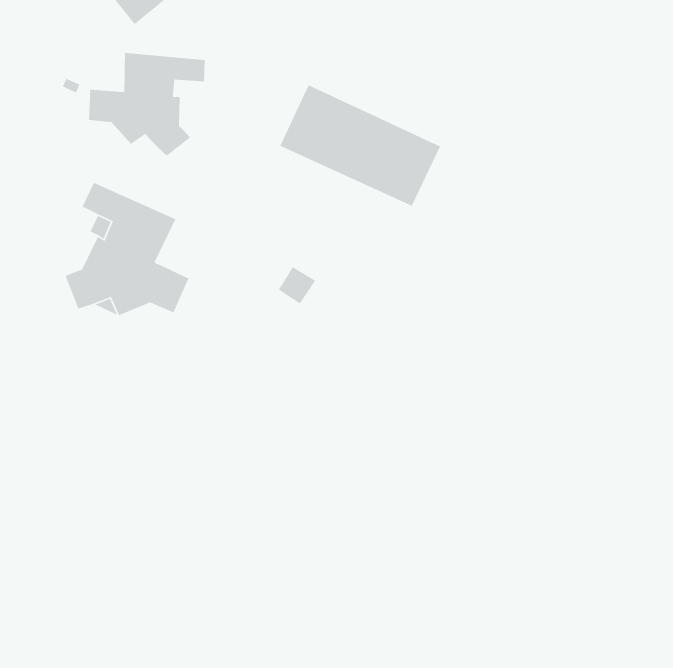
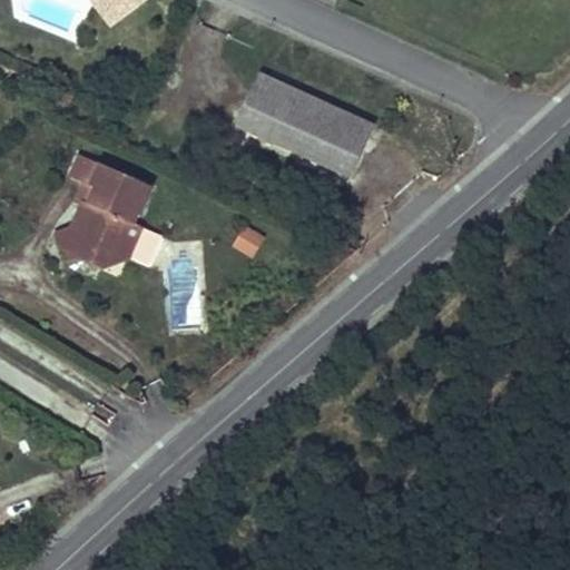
building: [88,52,205,157] -> none

